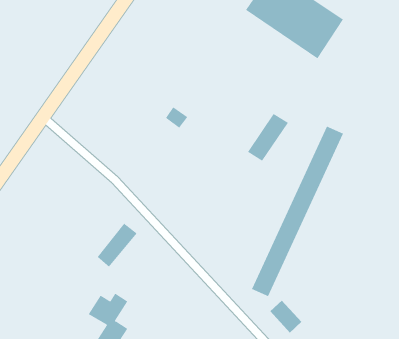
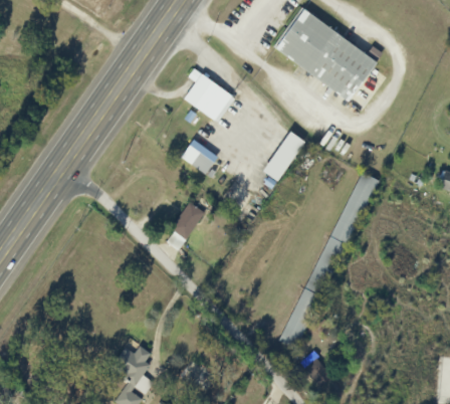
building: none -> [183,68,233,120]
building: [247,113,289,161] -> [261,130,304,180]
building: [97,223,137,267] -> [164,201,206,247]

